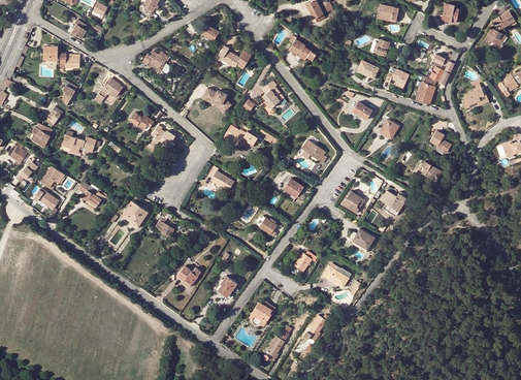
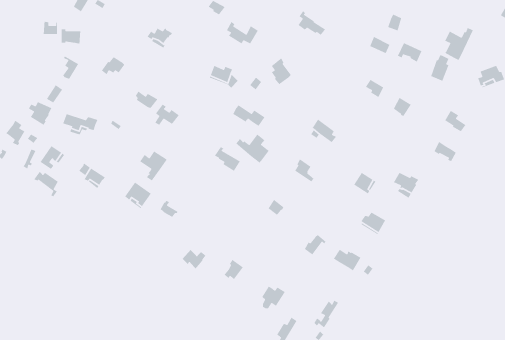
building: none -> [235,133,270,164]
building: none -> [139,150,168,182]

